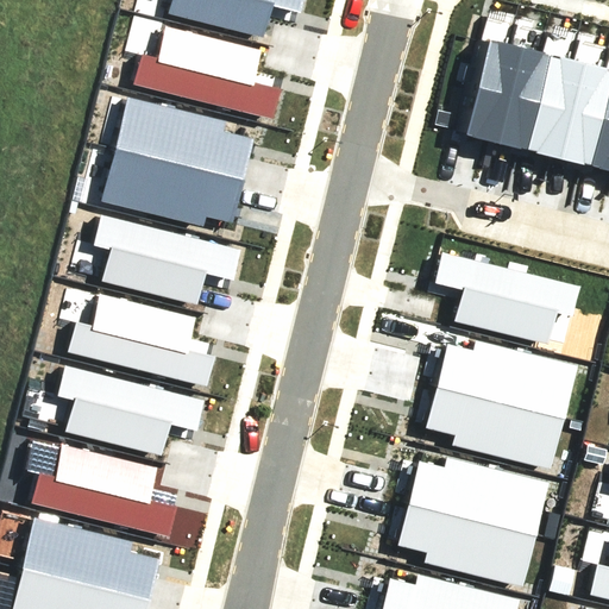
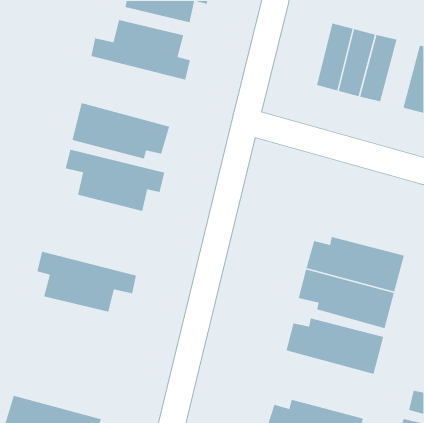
building: [546,58,601,157] -> none
building: [117,98,256,183] -> none
building: [434,245,579,333] -> none
building: [63,297,208,385] -> none
building: [36,450,181,538] -> none
building: [397,504,536,590] -> none
building: [19,514,157,602] -> none

